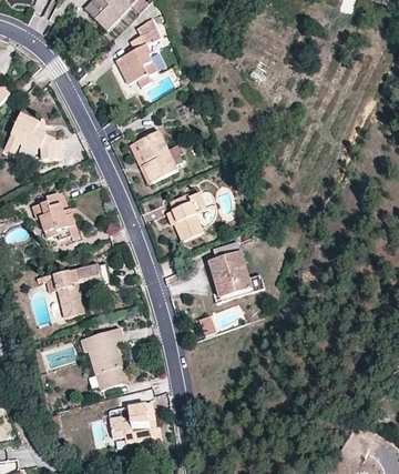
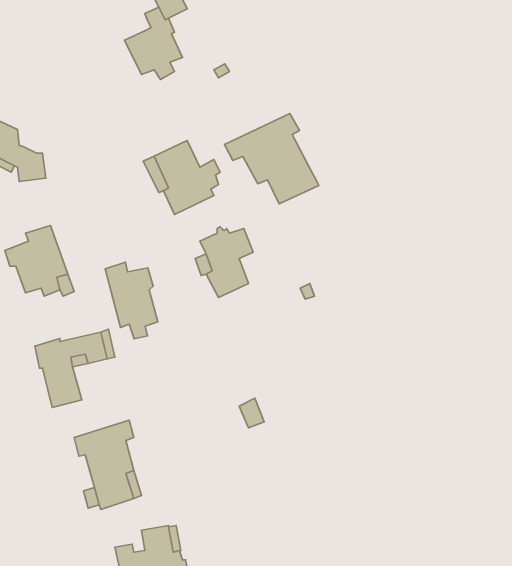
building: none -> [224,114,319,204]
building: none -> [105,262,158,339]
building: [208,251,264,297] -> none

